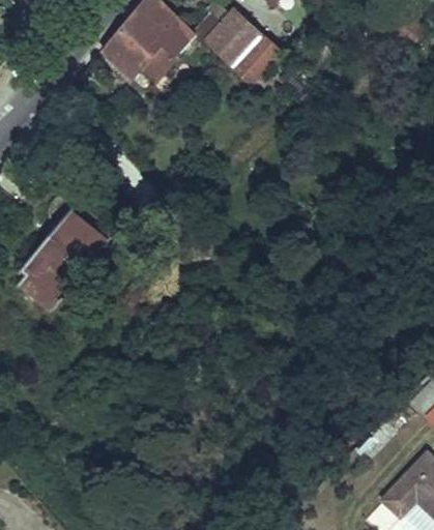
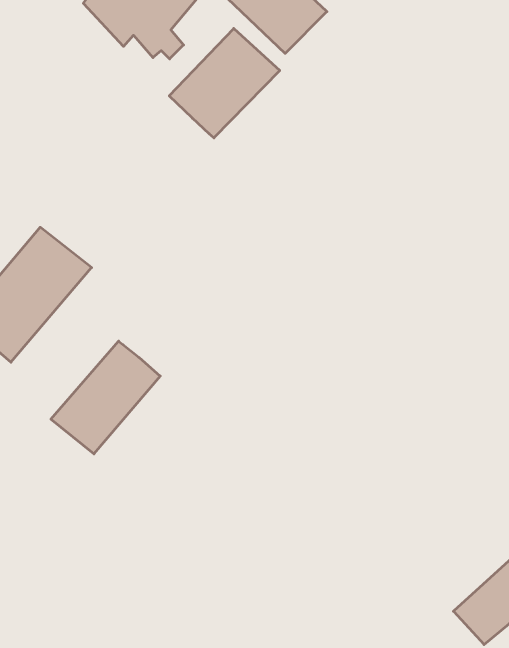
building: none -> [169,28,280,138]
building: none -> [51,341,160,454]

